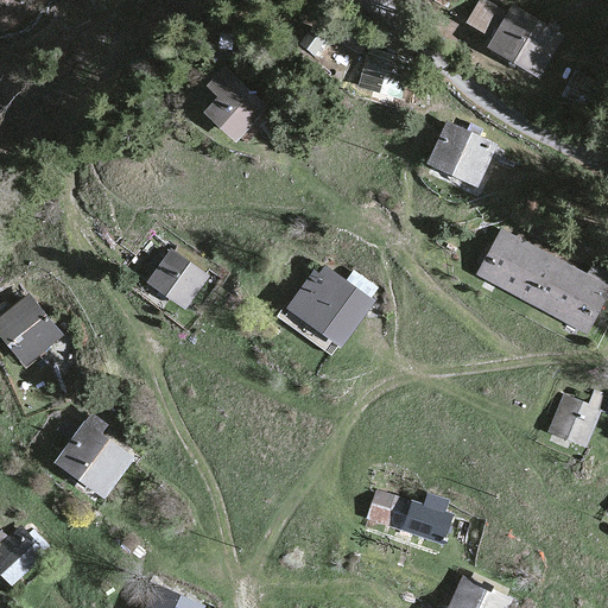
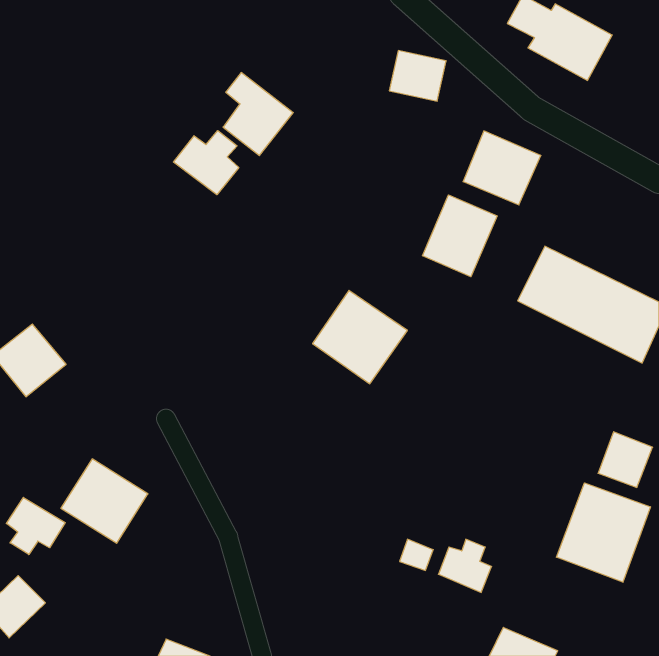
building: none -> [173,131,239,195]
building: none -> [422,195,497,277]
building: [145,249,207,309] -> none
building: none -> [556,483,650,582]
building: none -> [6,497,65,555]

